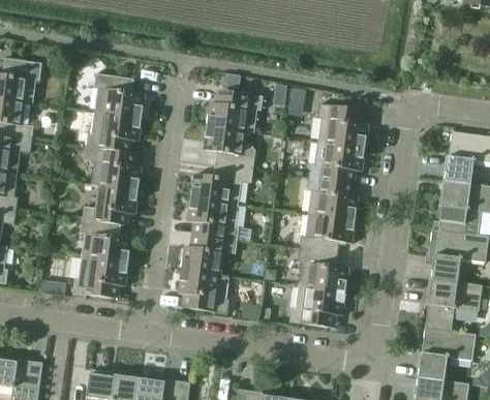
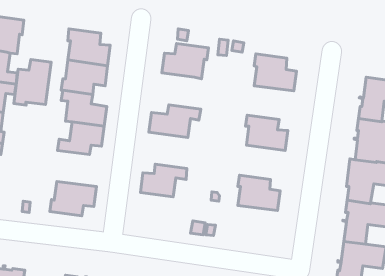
building: none -> [14,59,51,105]
building: [204,126,255,170] -> none
building: [309,142,365,182] -> none
building: [187,197,239,241] -> none
building: [300,213,355,254] -> none
building: [81,219,131,263] -> none
building: [178,270,229,313] -> none
building: [289,285,345,327] -> none

